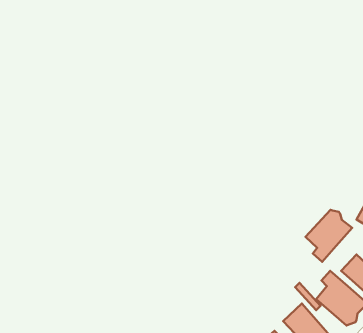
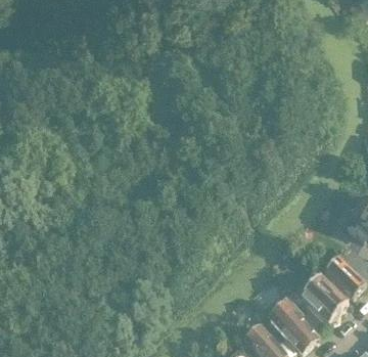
building: [305,210,352,262] -> none

